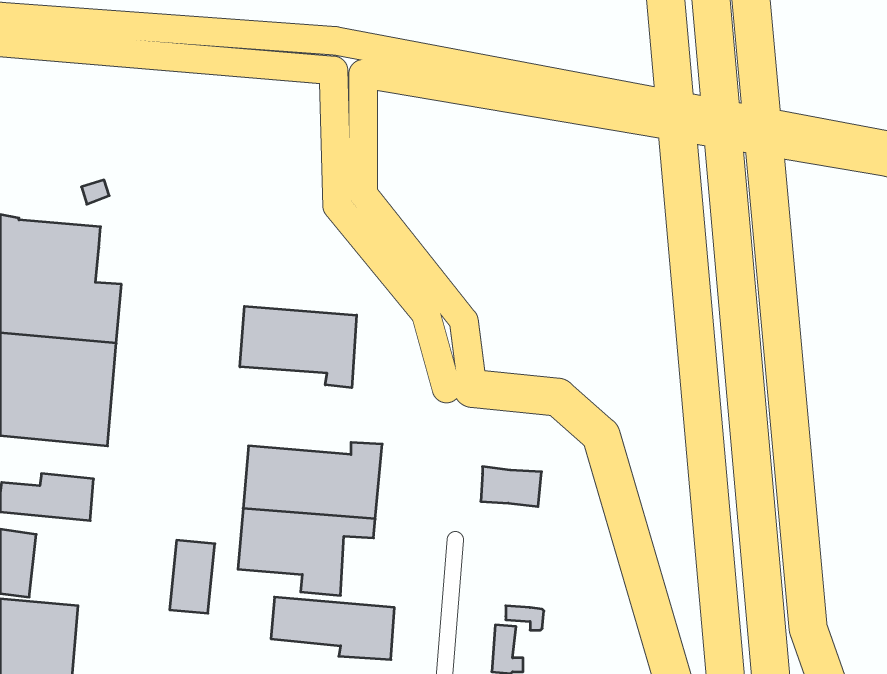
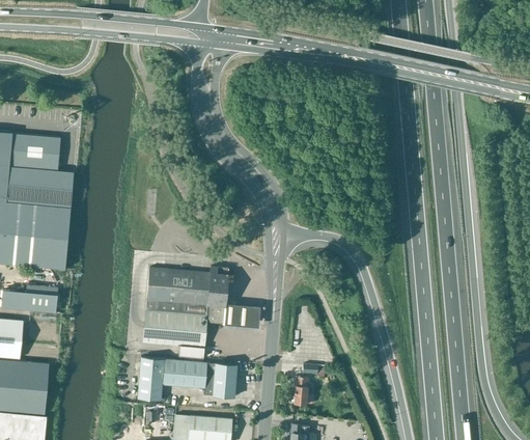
building: [240,306,357,388] -> none
building: [481,467,542,507] -> [222,300,258,324]
building: [170,540,215,613] -> [136,357,163,401]

